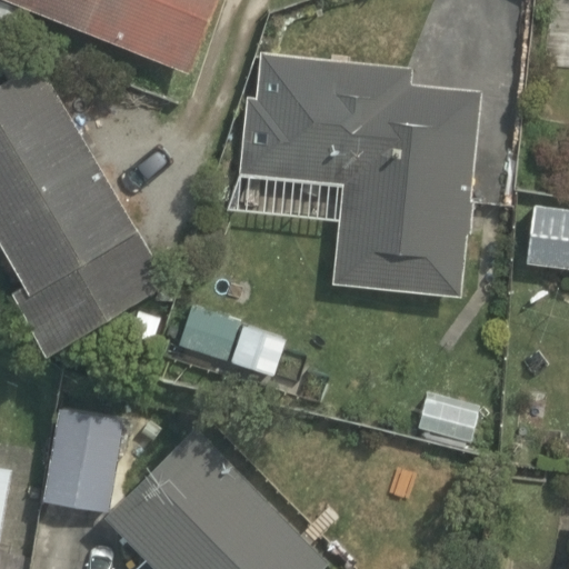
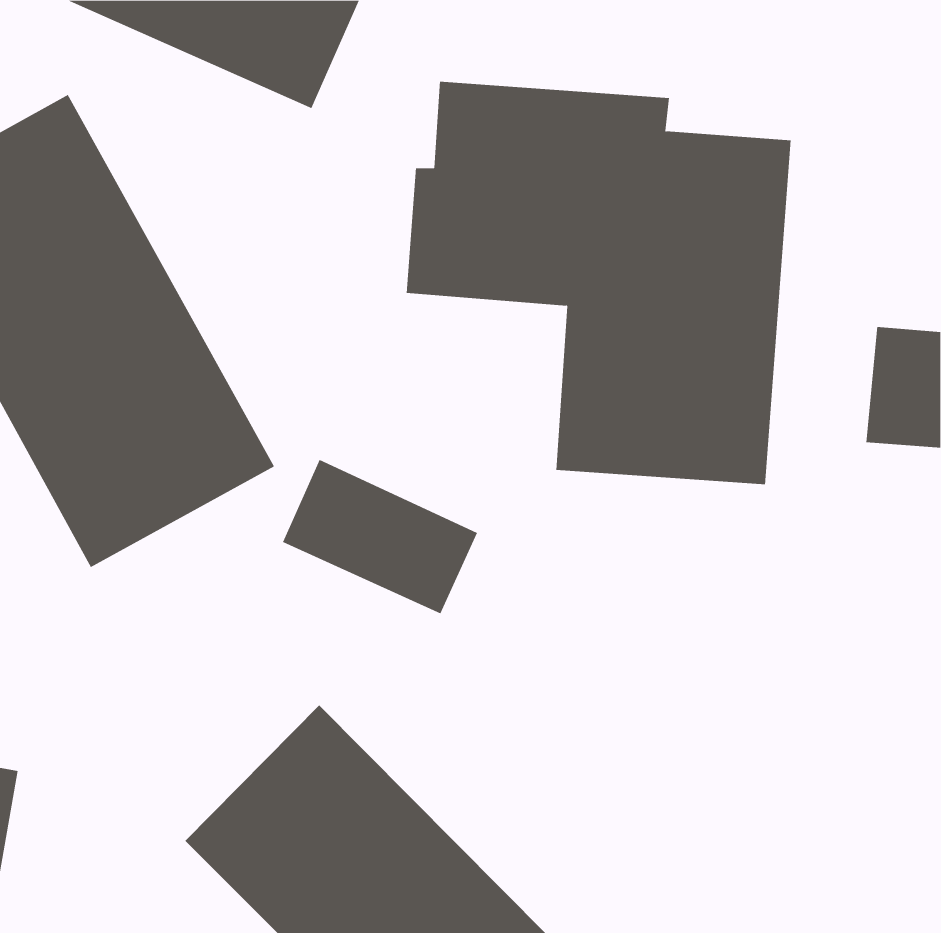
building: [38,410,116,515] -> none

